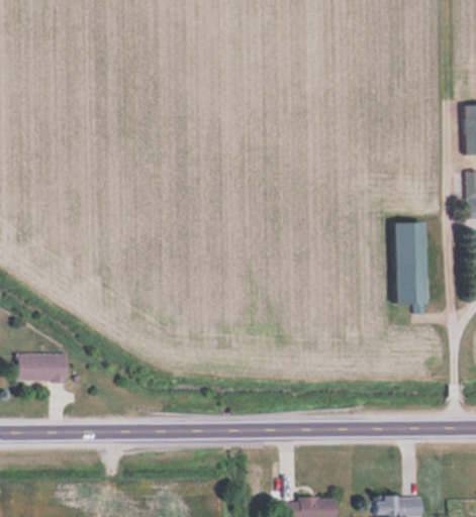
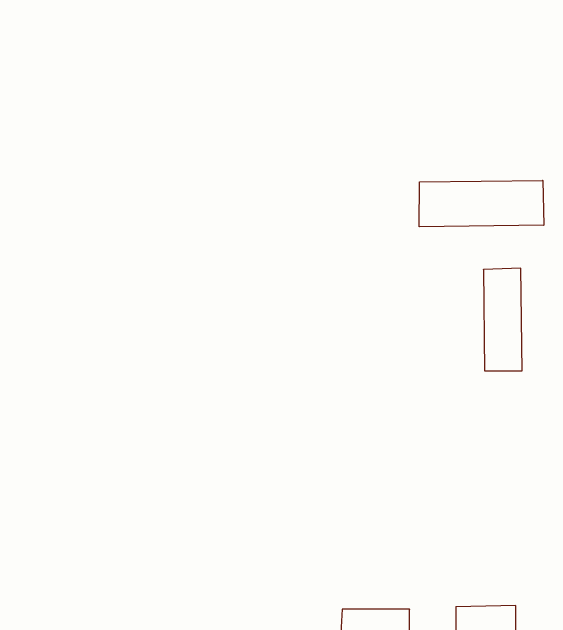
building: none -> [419,180,544,227]
building: [17,353,67,380] -> none

